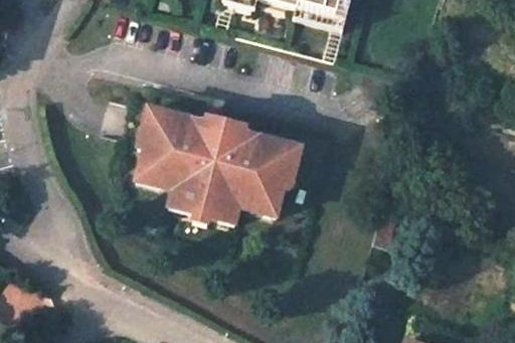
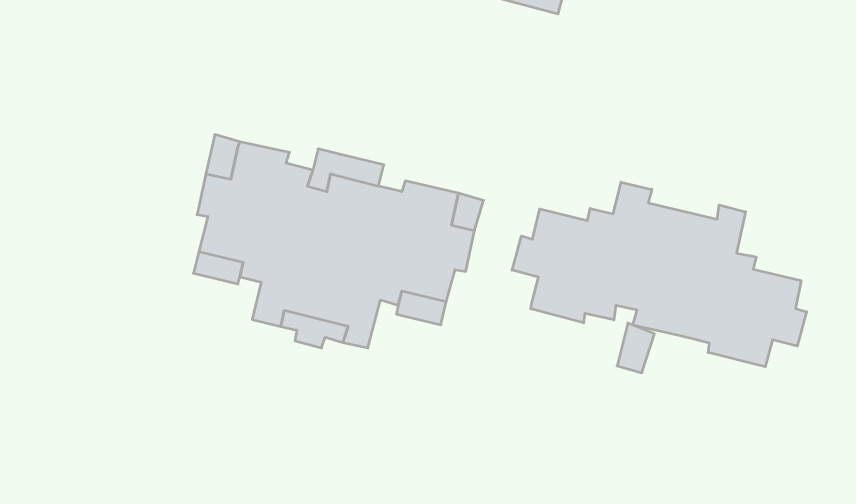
building: none -> [512,182,807,367]

